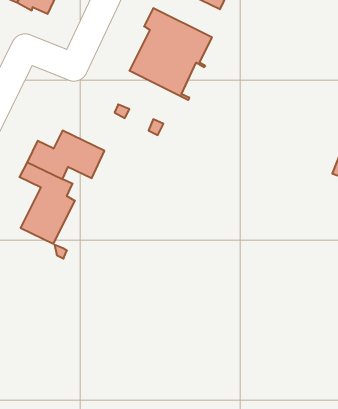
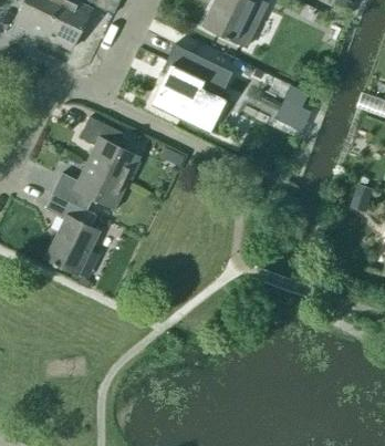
building: none -> [274,85,311,129]
building: none -> [79,116,141,183]

